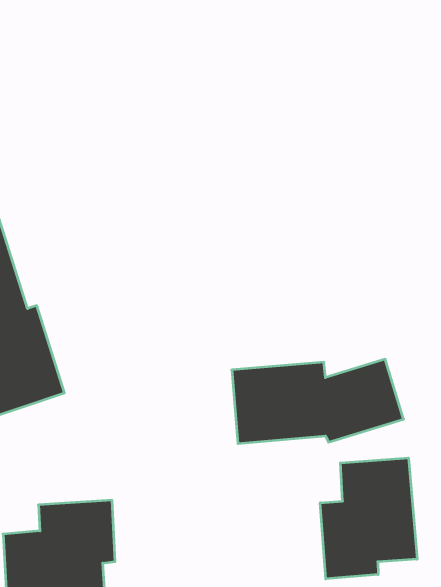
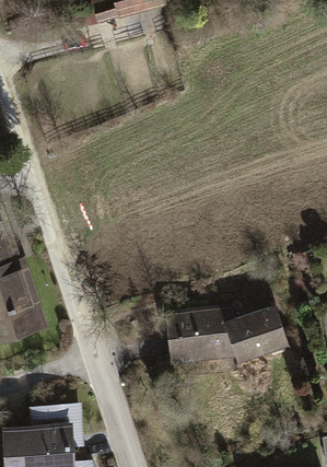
building: [320,458,417,579] -> none

